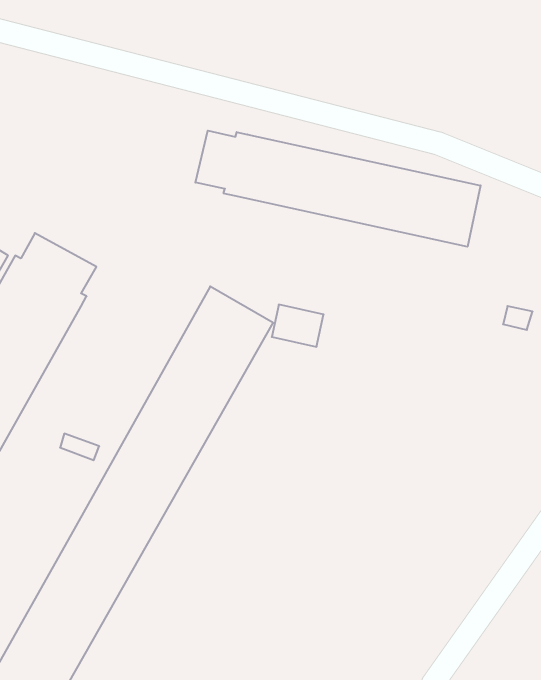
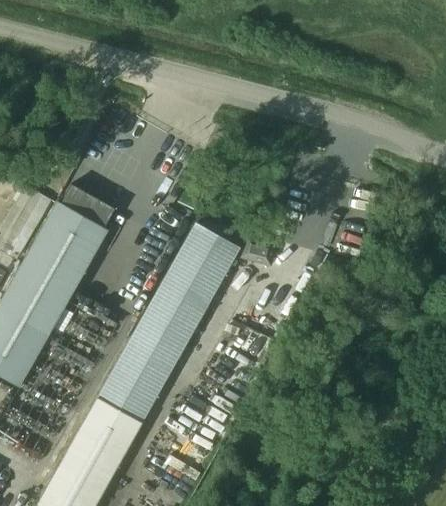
building: [195,131,481,247] -> none

